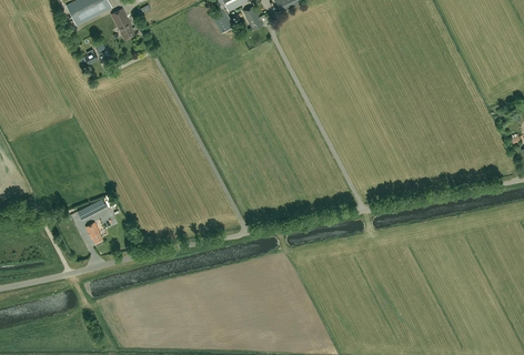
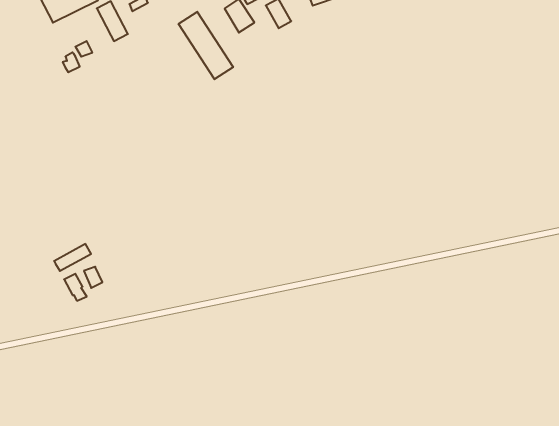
building: none -> [179,12,233,79]

